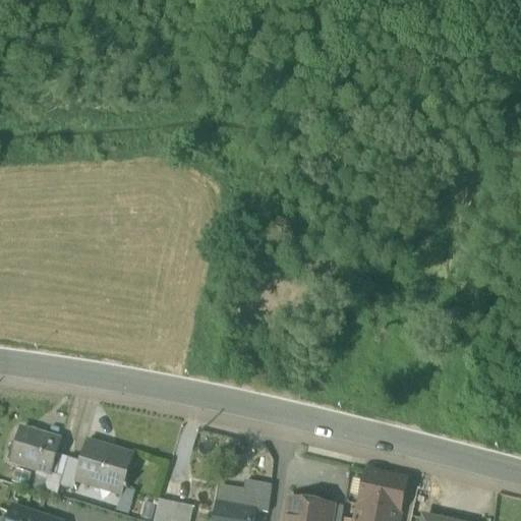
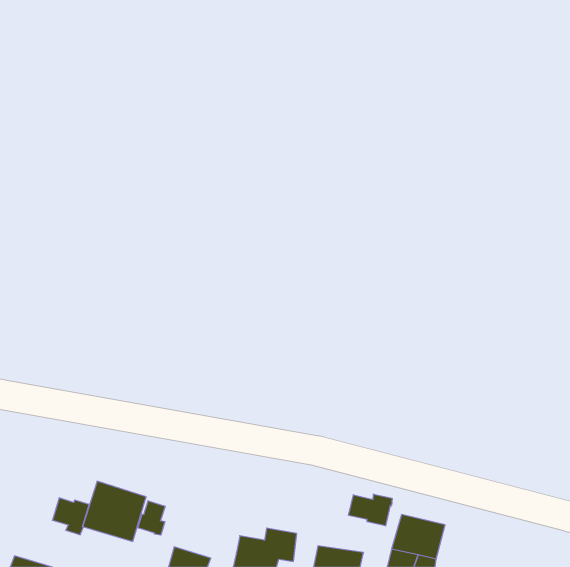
building: [11,429,58,475] -> none
building: none -> [349,494,392,526]
building: none -> [138,501,165,535]

